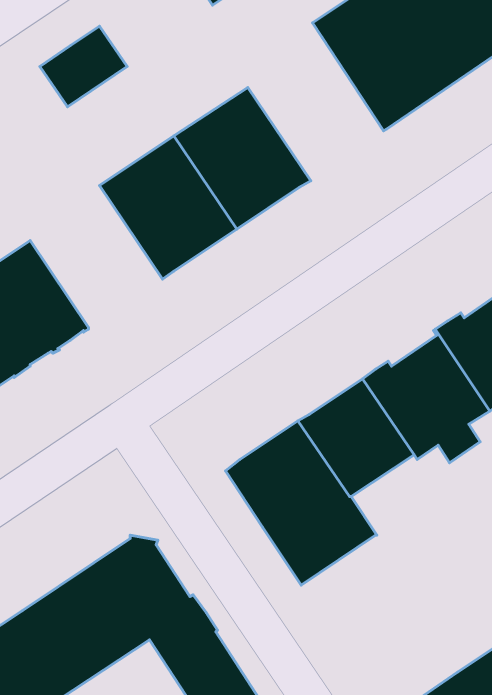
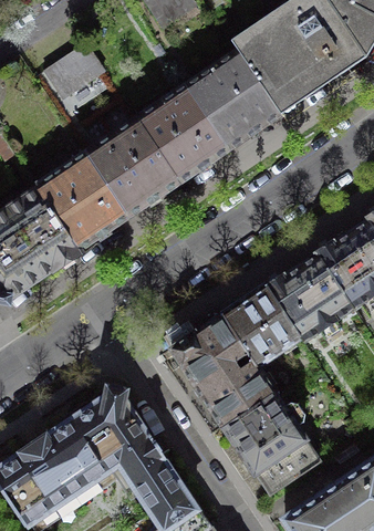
building: none -> [187,51,280,149]
building: none -> [37,153,128,250]
building: none -> [224,393,320,494]

